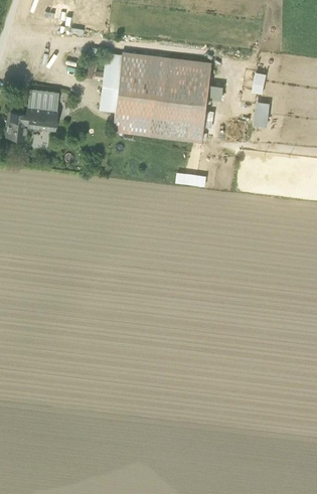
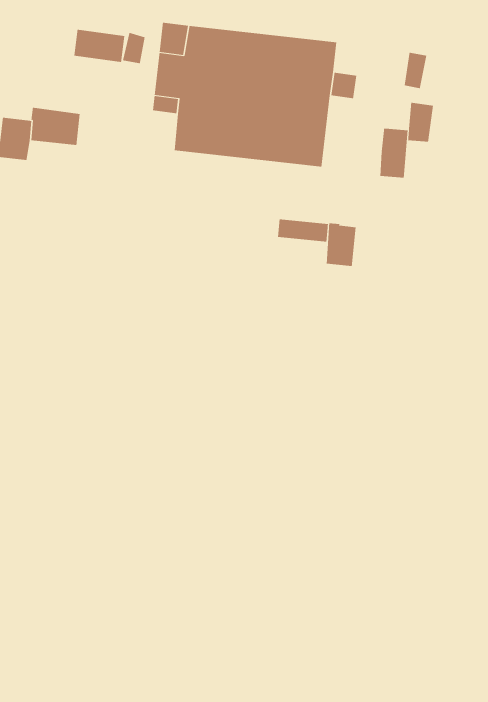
building: [27,88,58,108] -> [74,29,125,63]
building: none -> [380,128,408,179]
building: none -> [326,223,356,267]

